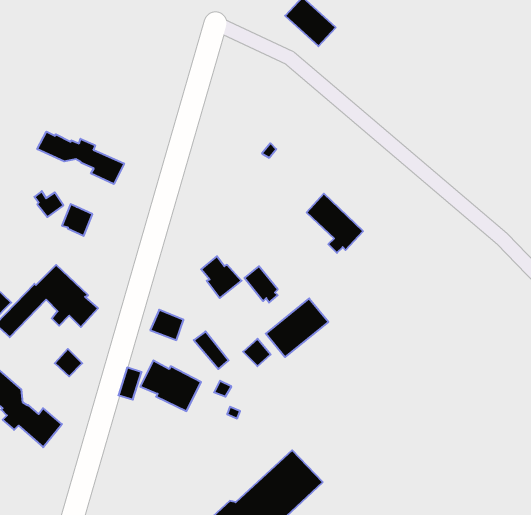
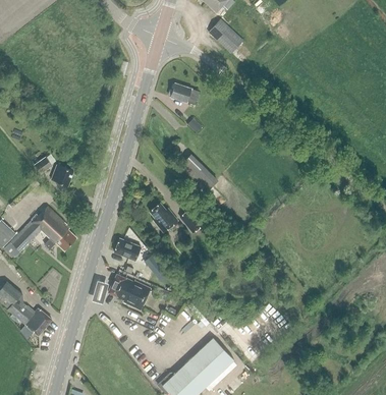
building: none -> [169,81,200,103]
building: [37,132,124,184] -> none
building: [307,194,363,253] -> [178,153,218,194]
building: [266,298,328,357] -> none

